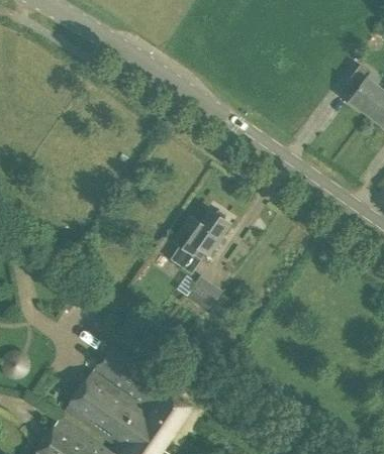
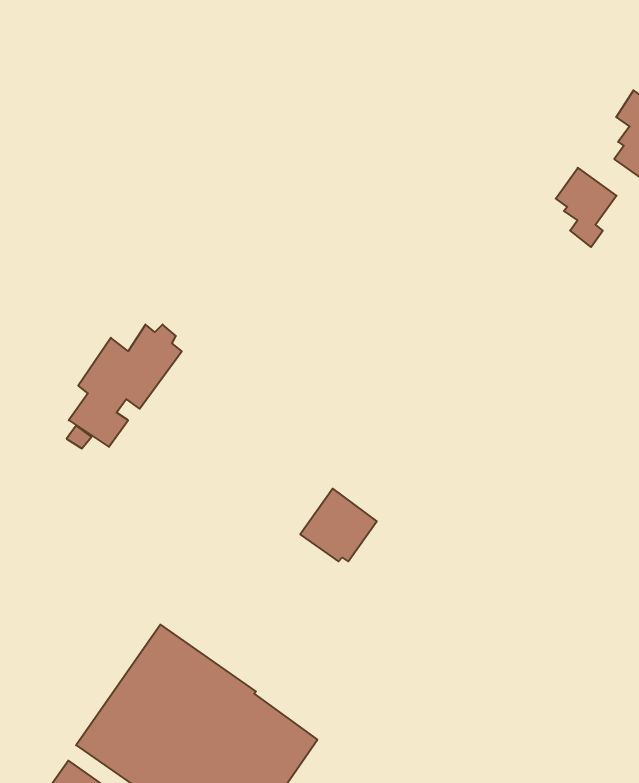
building: none -> [556,168,617,247]
building: [169,207,228,271] -> [69,324,182,447]

